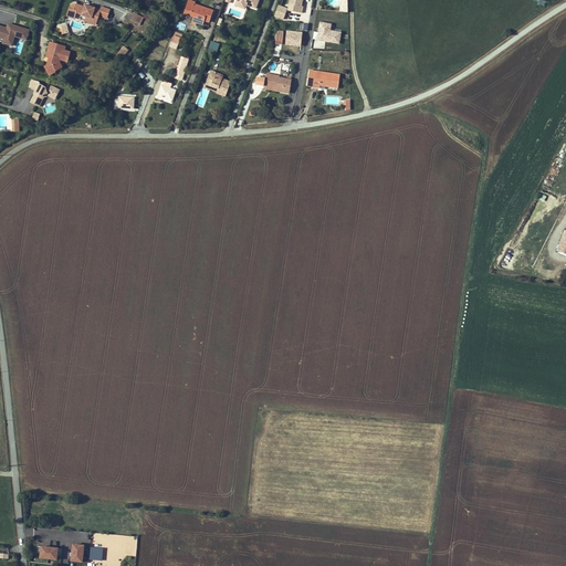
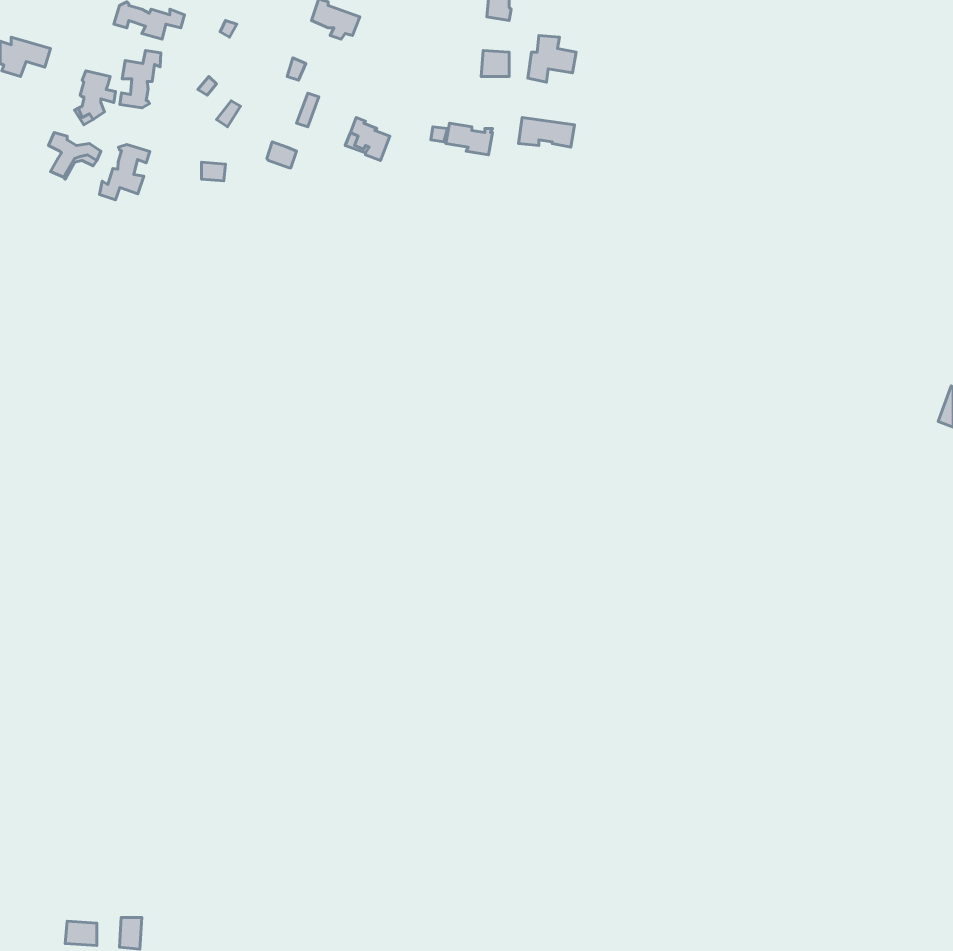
building: none -> [120,50,161,108]
building: none -> [99,144,150,200]

